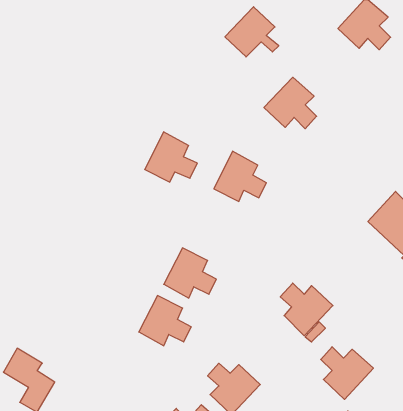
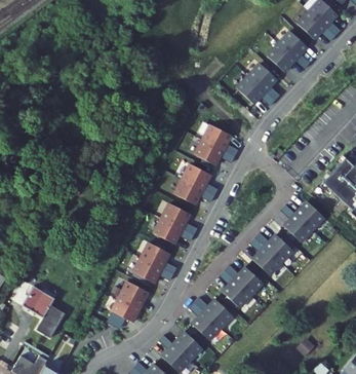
building: [225,7,279,57] -> [267,31,311,72]
building: [145,132,197,182] -> [175,163,219,204]
building: none -> [282,201,325,242]
building: none -> [108,282,149,329]
building: [321,347,373,399] -> [221,265,264,308]

